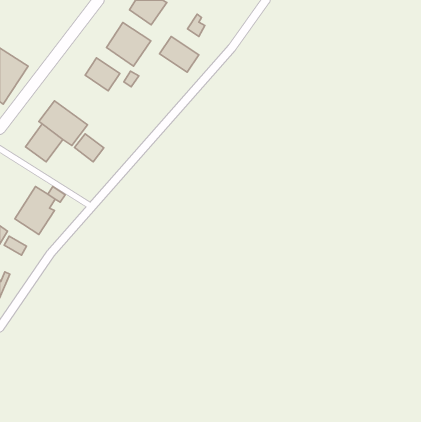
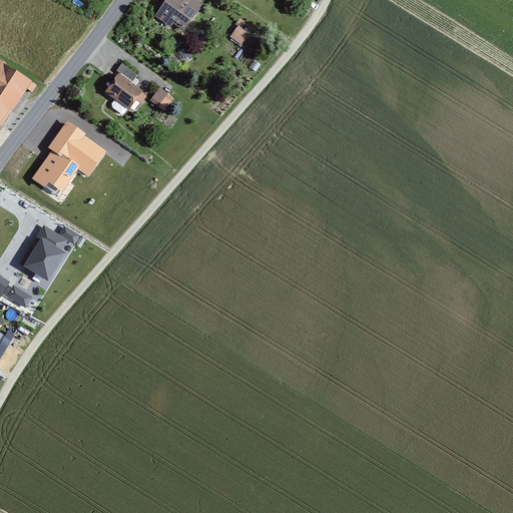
building: [106,23,151,66] -> none
building: [159,36,199,72] -> none
building: [75,134,104,162] -> none

